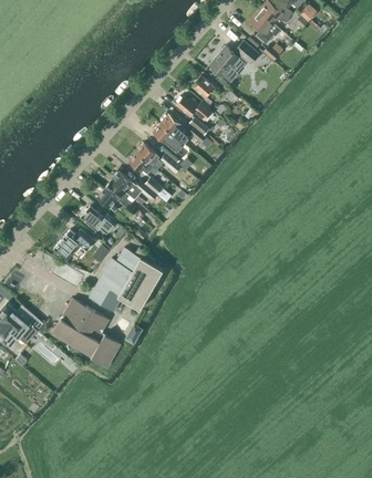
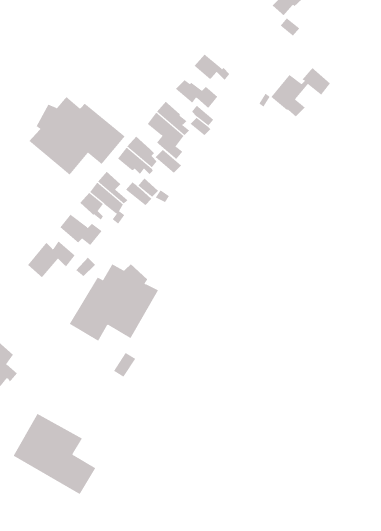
building: [209,41,259,82] -> [270,67,331,117]
building: none -> [28,96,125,176]
building: [52,299,121,366] -> [13,413,96,495]

